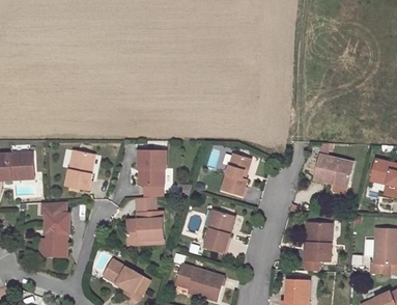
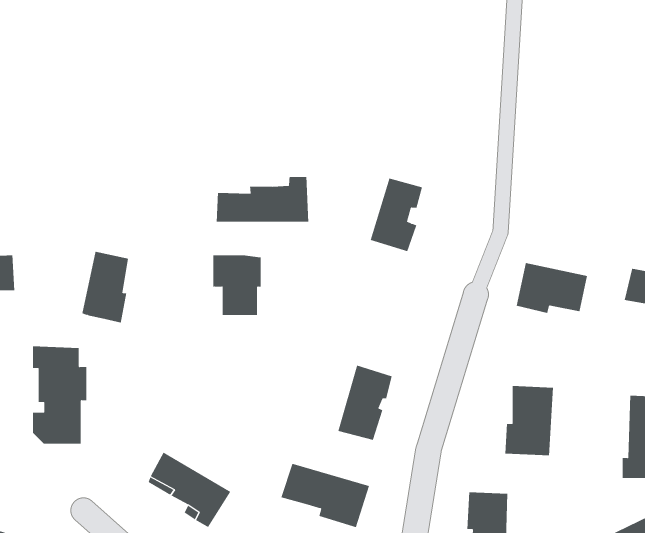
building: none -> [216,176,309,223]
building: [226,156,255,196] -> [370,178,423,252]
building: [129,197,165,241] -> none

